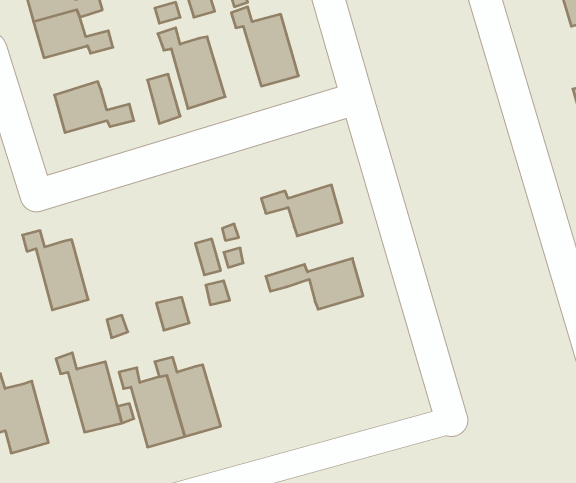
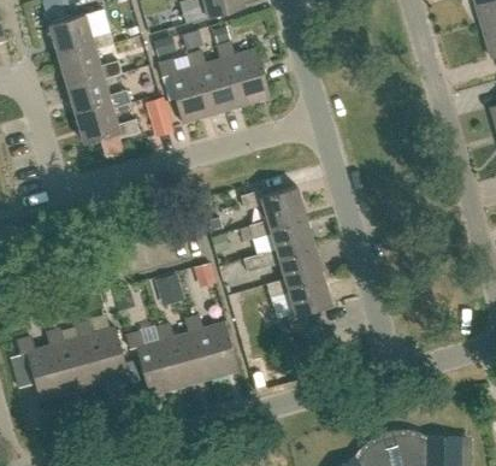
building: none -> [185,51,240,114]
building: none -> [65,73,129,113]
building: none -> [248,216,313,255]
building: [22,231,88,310] -> [45,329,98,393]
building: none -> [265,275,331,332]
building: none -> [184,315,237,379]

